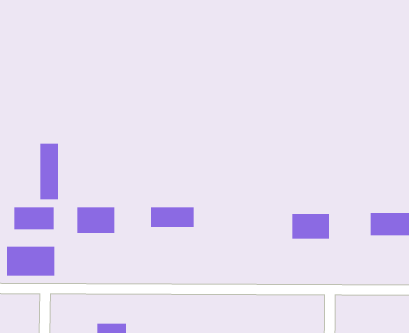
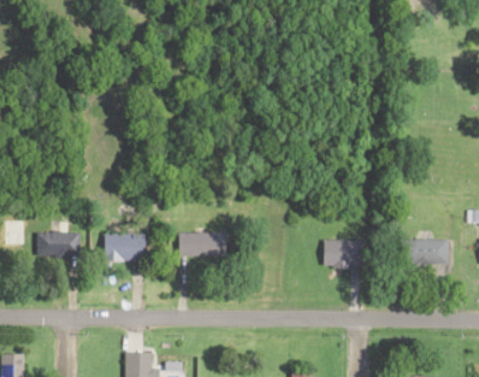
building: [40,143,59,200] -> none
building: [7,246,55,276] -> none

